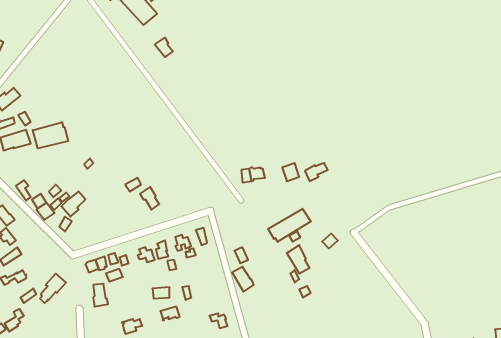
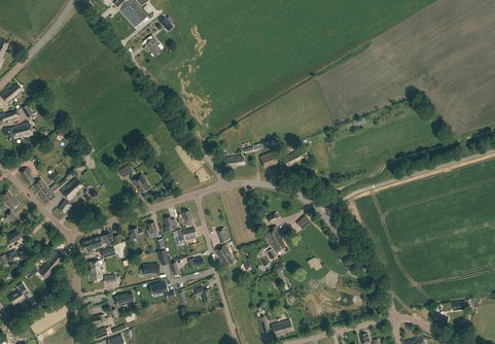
building: [33,122,68,148] -> none
building: [268,209,311,242] -> none

